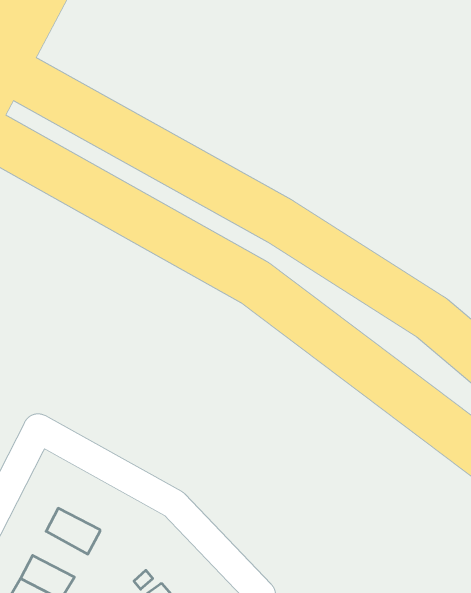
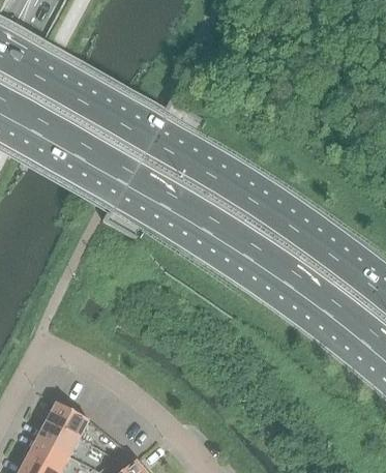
building: none -> [34,423,77,459]

